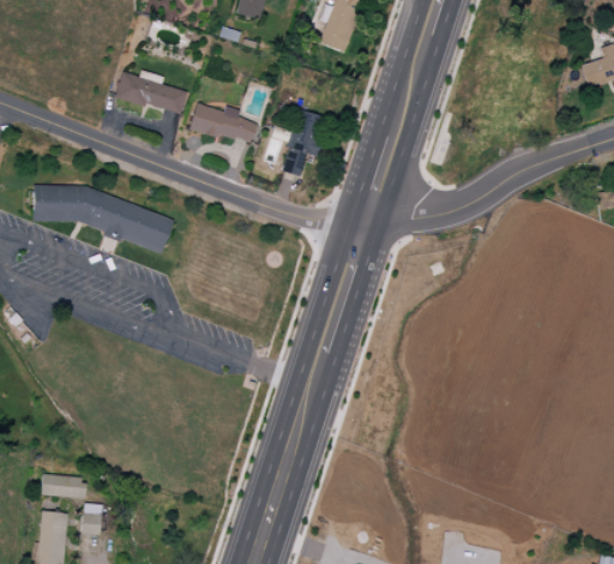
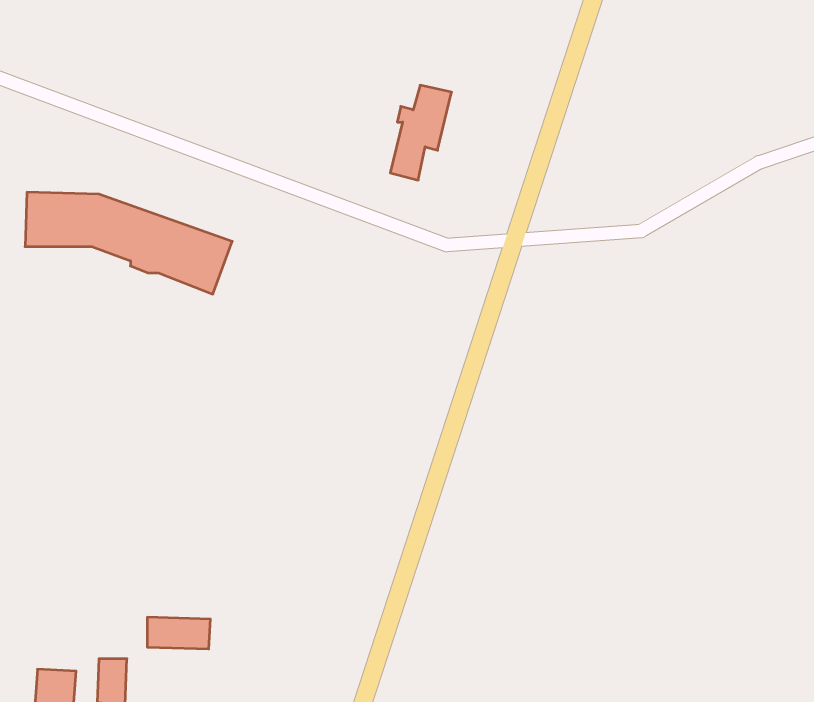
building: [115,71,187,114] -> none
building: [189,103,257,145] -> none
building: [42,475,85,497] -> [147,617,210,649]

